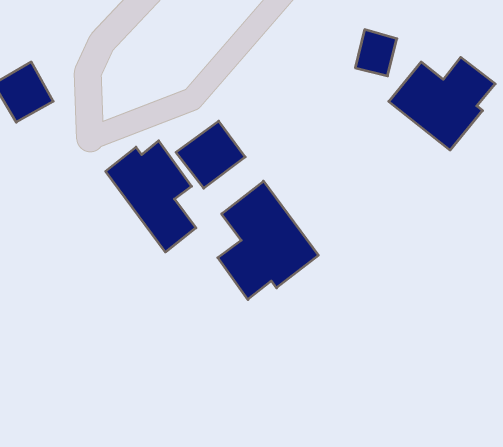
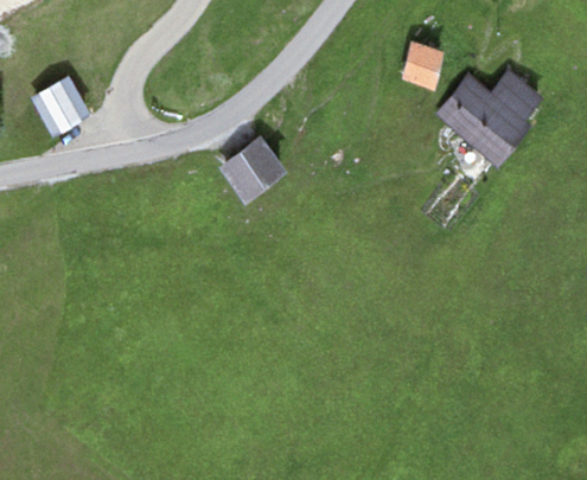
building: [106,141,196,252] -> none
building: [218,181,318,300] -> none

